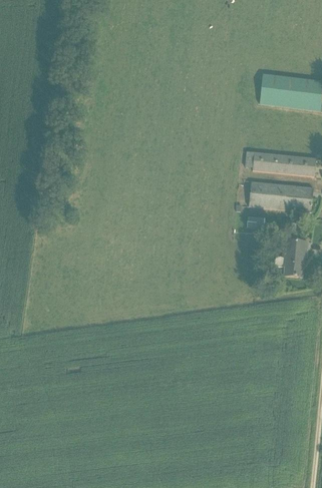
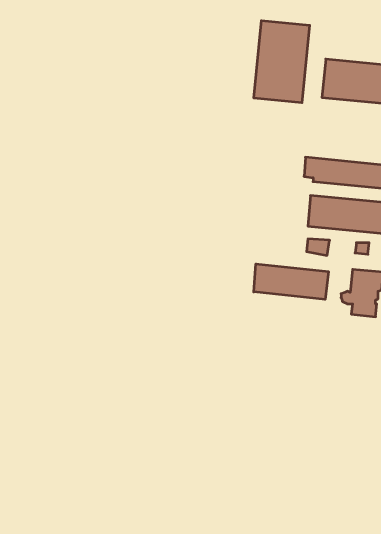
building: none -> [254,21,310,103]
building: none -> [254,264,328,299]

